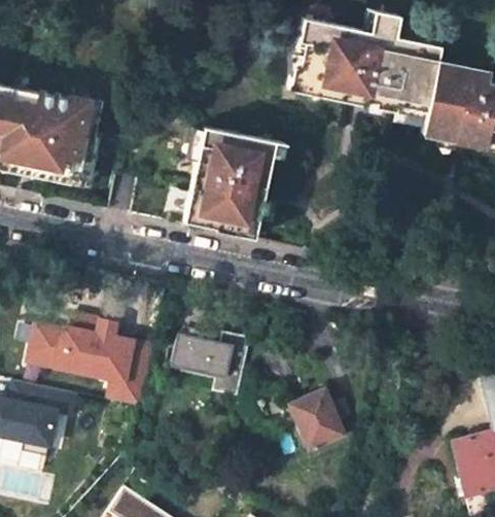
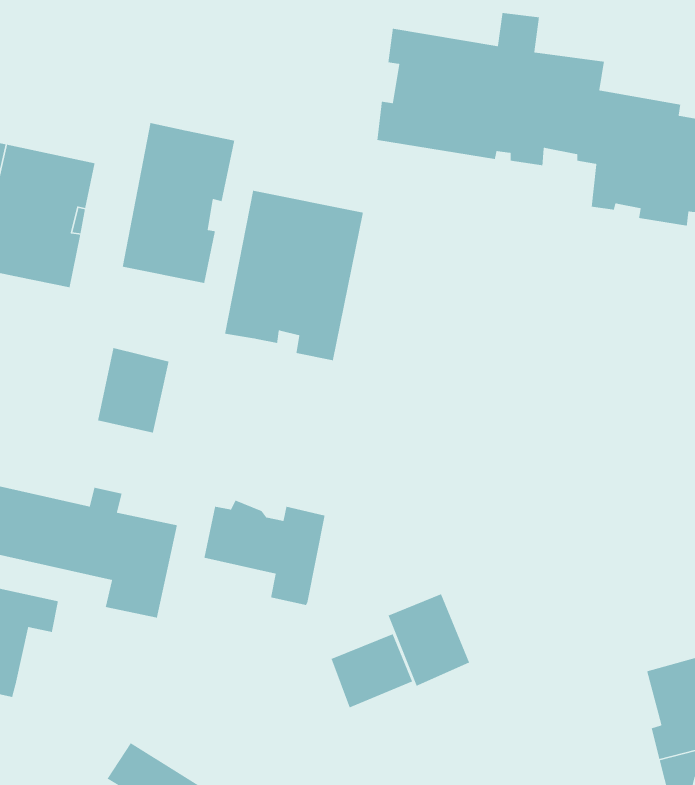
building: none -> [122,122,235,284]
building: none -> [97,347,169,433]
building: none -> [330,633,413,709]

